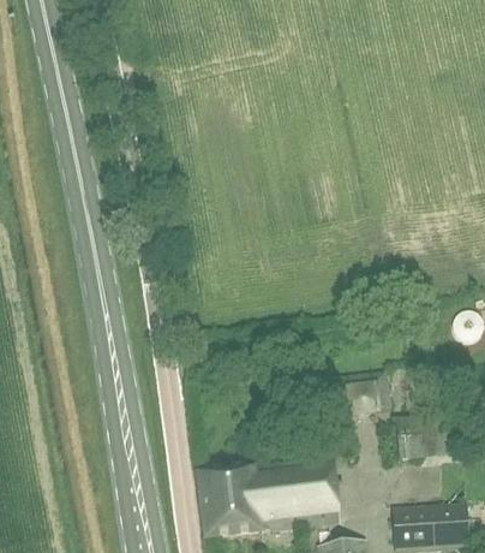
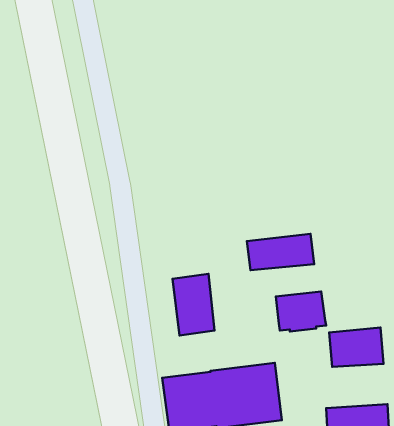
building: none -> [247,234,314,270]
building: none -> [173,274,215,335]

